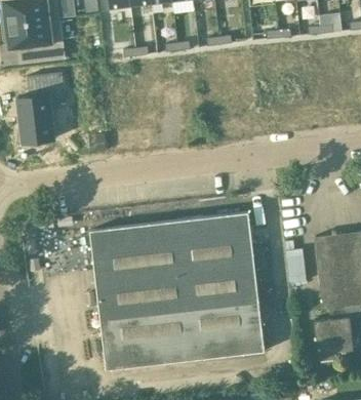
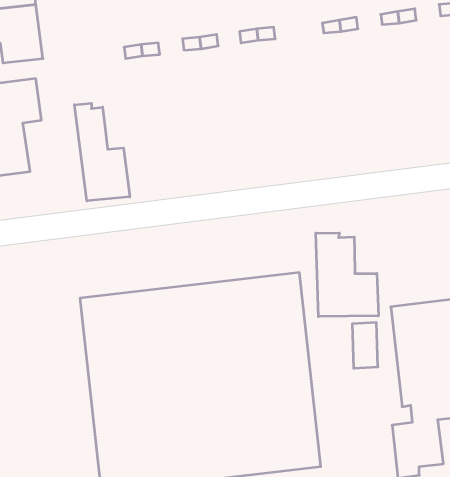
building: none -> [74,103,130,201]
building: none -> [316,233,378,317]

